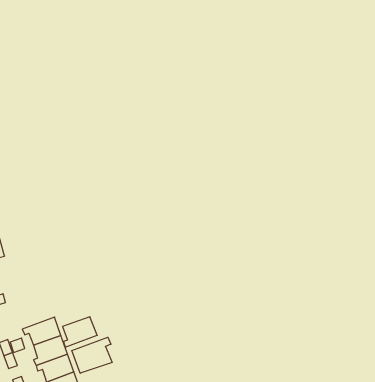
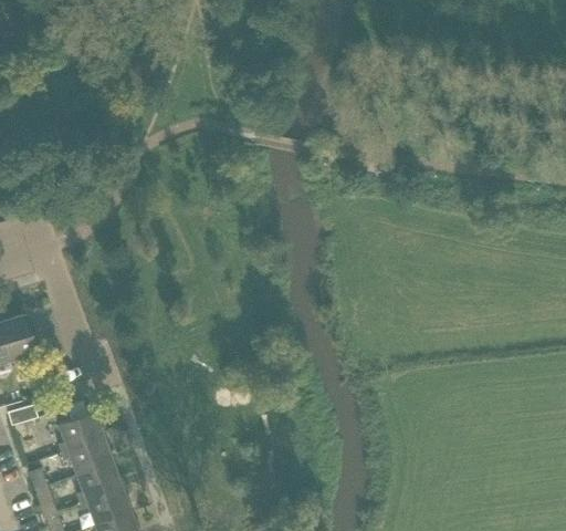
building: [63,317,97,347] -> [57,413,105,455]
building: [72,337,112,373] -> none

